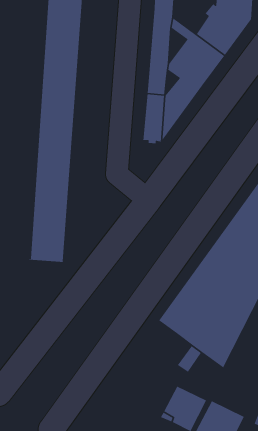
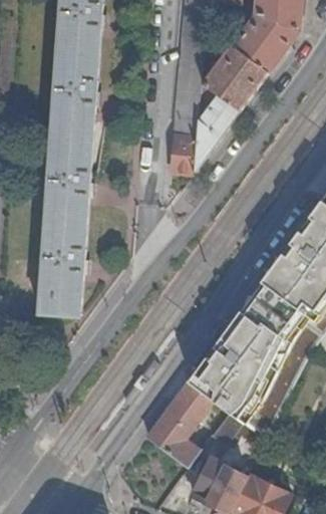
building: none -> [146,381,212,467]

